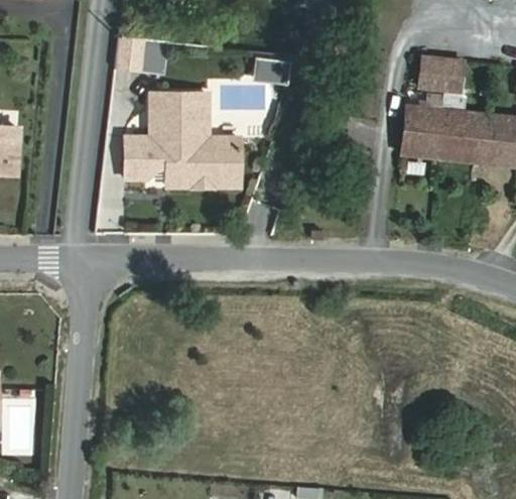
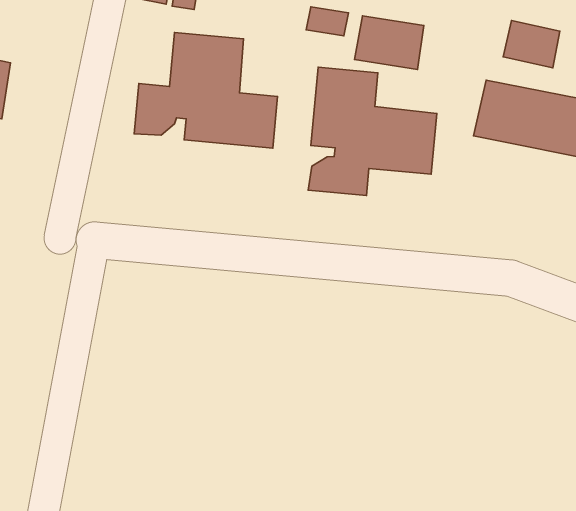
building: none -> [354,16,424,69]
building: none -> [308,67,437,196]

